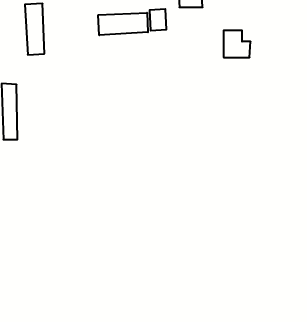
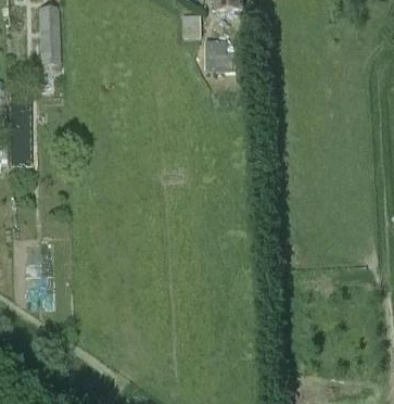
building: [98,13,148,35] -> none
building: [224,30,251,57] -> [205,38,237,70]

